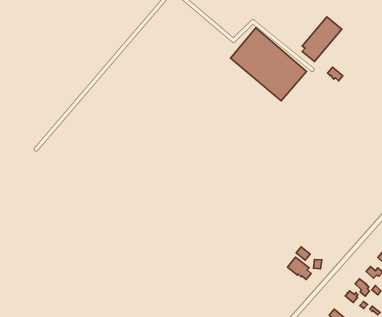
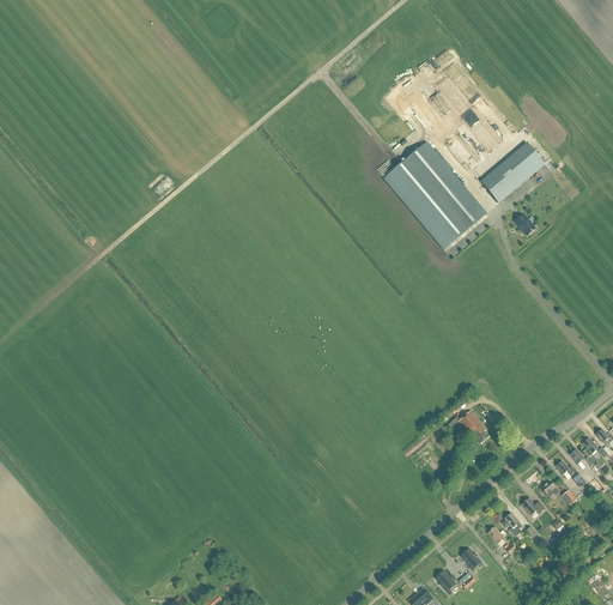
building: [287,257,311,280] -> [457,410,488,443]

